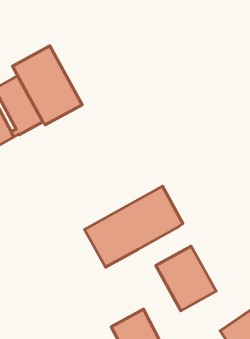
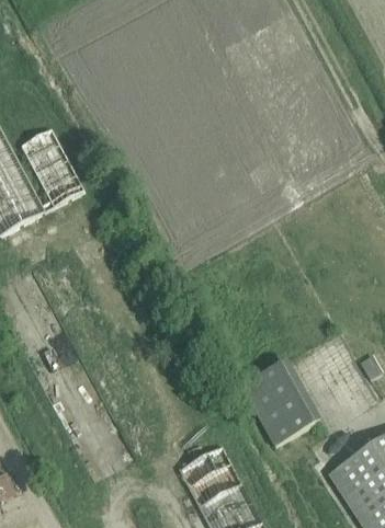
building: [12,46,82,125] -> none
building: [84,186,183,267] -> none

